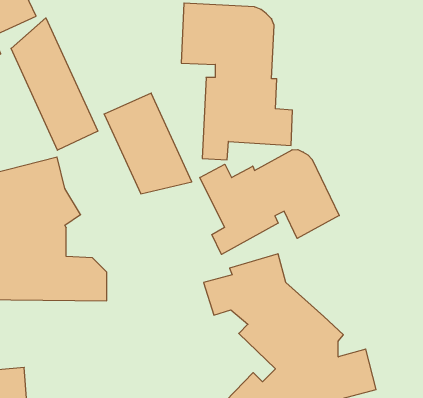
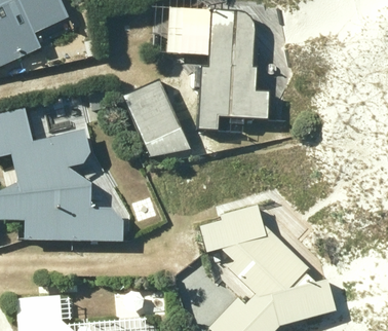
building: [11,18,98,150] -> none
building: [200,150,339,254] -> none

